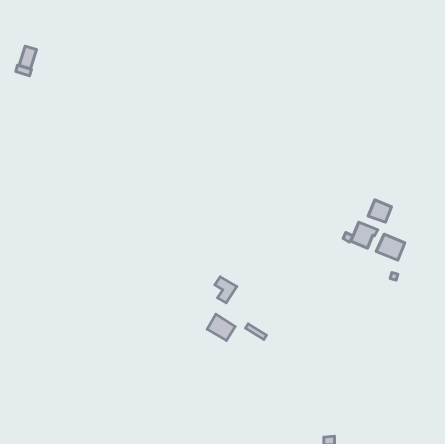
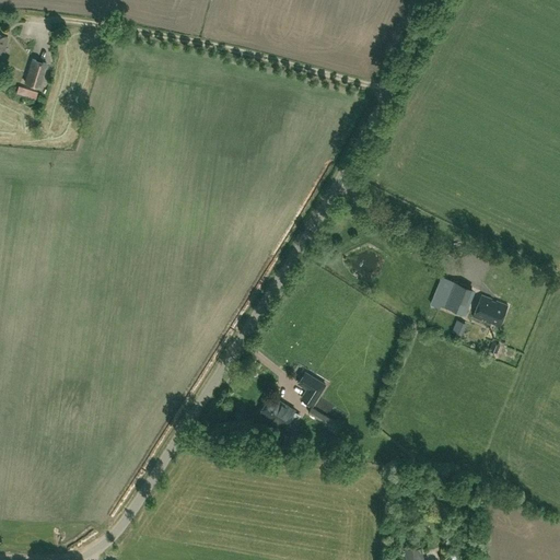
building: [368,200,391,222] -> none
building: [215,277,237,303] -> [299,373,326,406]

